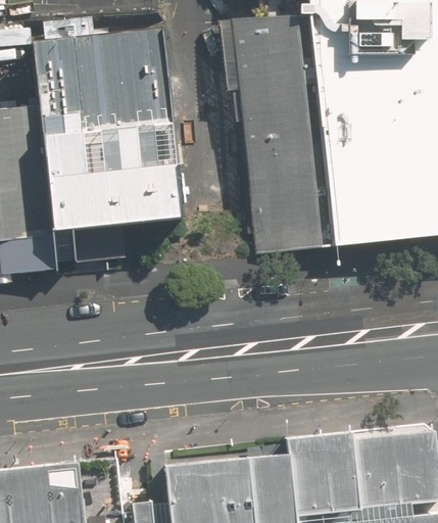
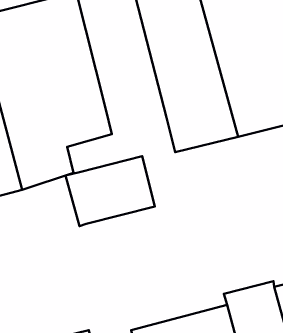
building: none -> [66,156,155,226]

